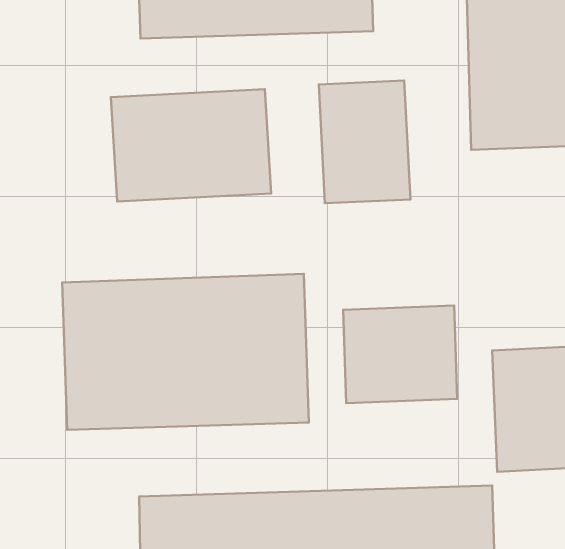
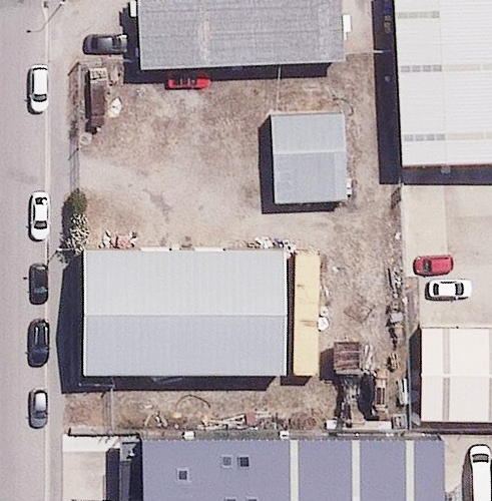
building: [111,89,271,202] -> none
building: [343,306,457,403] -> none

